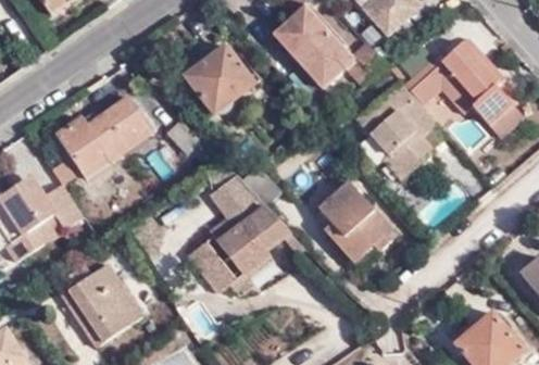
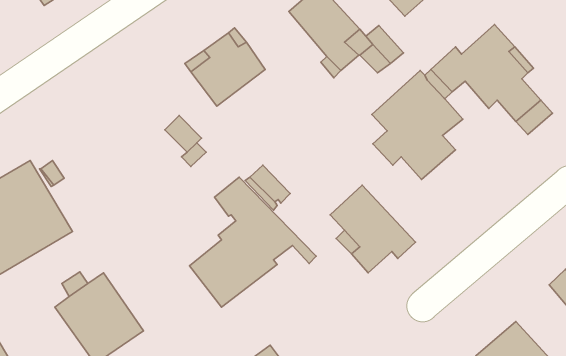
building: [53,98,151,179] -> none

